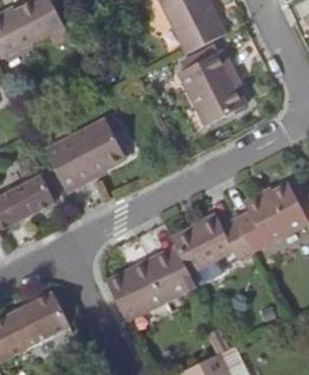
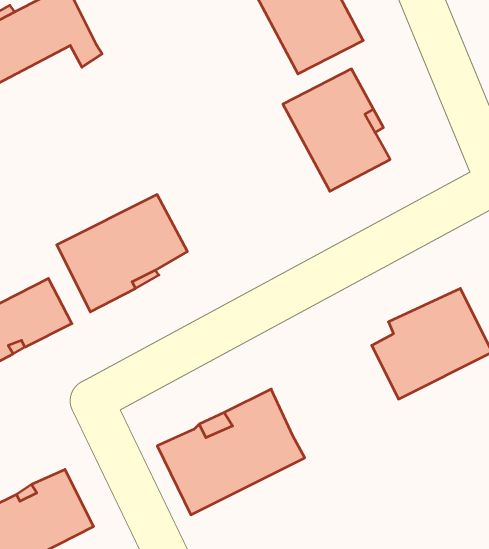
building: [170,213,251,271] -> none

